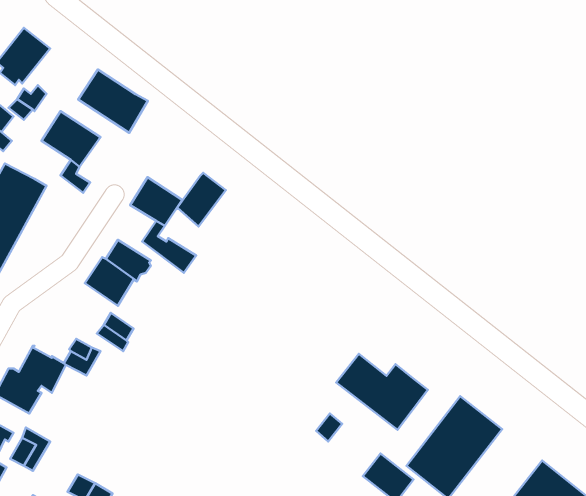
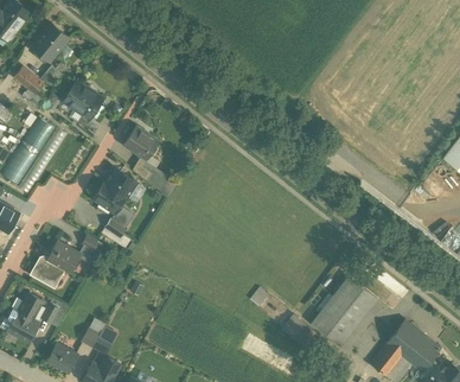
building: [78,70,148,133] -> none
building: [176,173,226,226] -> none
building: [336,354,428,430] -> none

